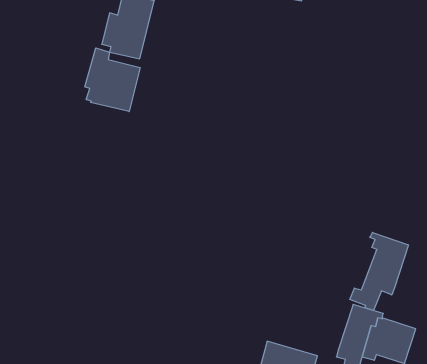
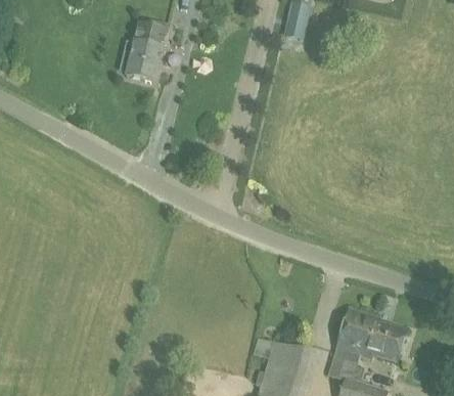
building: [85,48,140,112] -> none
building: [350,232,408,310] -> none

